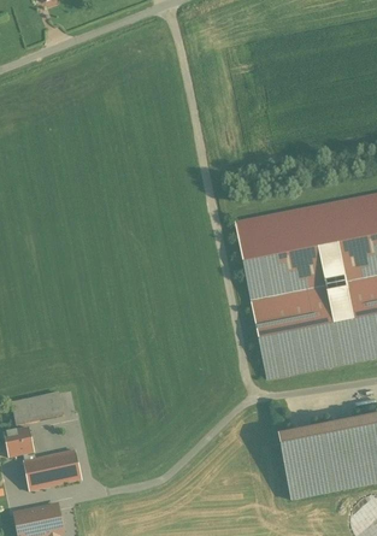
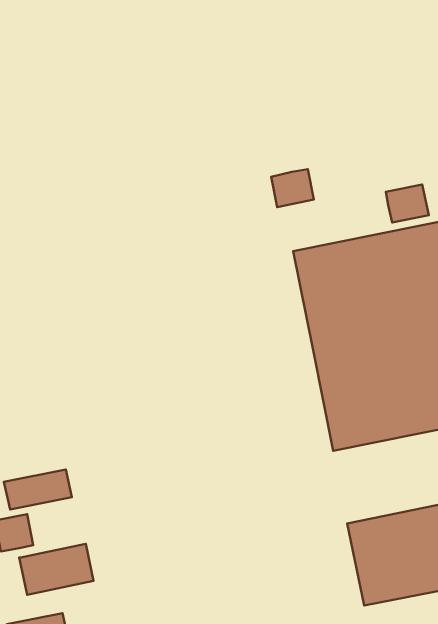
building: none -> [271,169,314,207]
building: none -> [386,184,429,222]

